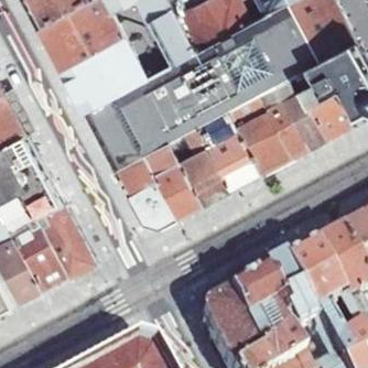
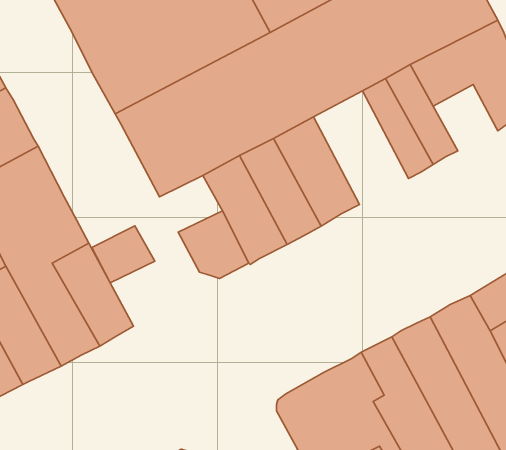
building: [313,85,358,132] -> none
building: [227,89,295,171] -> none
building: [117,150,162,191] -> [92,226,155,283]

